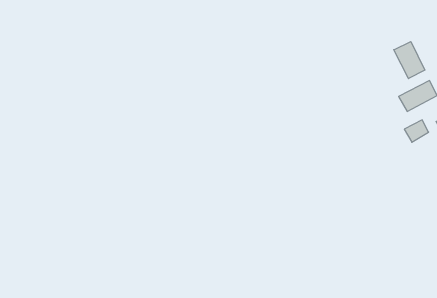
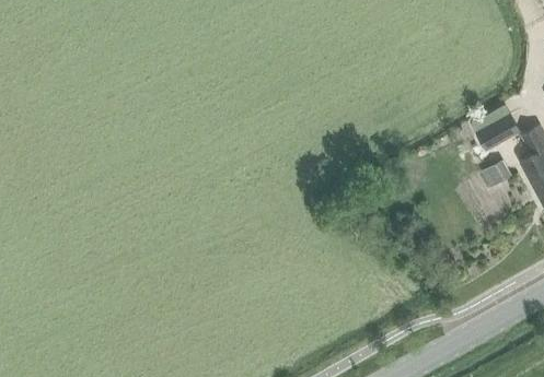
building: [394,42,425,79] -> none

